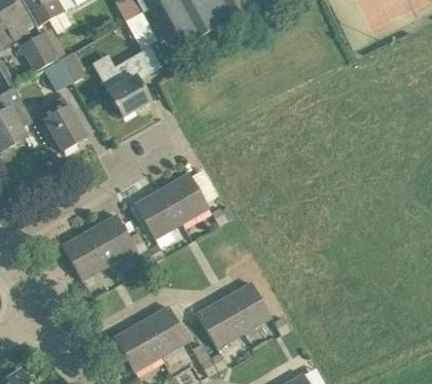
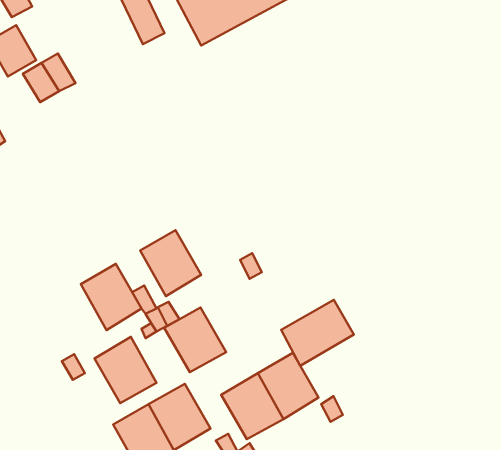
building: [94,51,152,116] -> none
building: [38,96,86,151] -> none
building: [161,173,209,222] -> [164,307,226,372]
building: [62,230,109,280] -> [94,337,157,403]
building: none -> [281,300,354,366]

